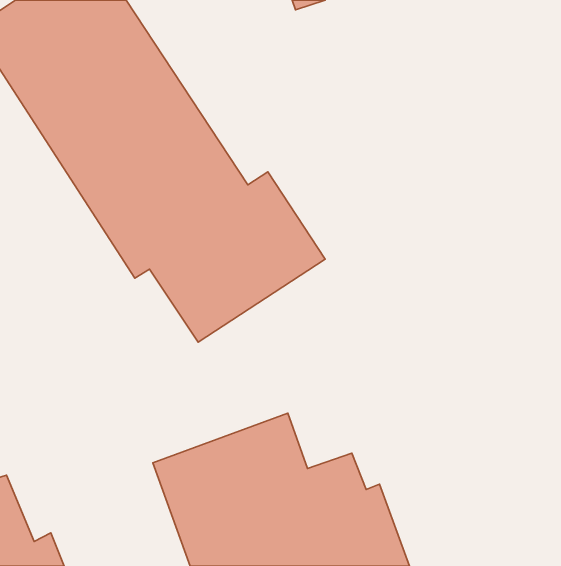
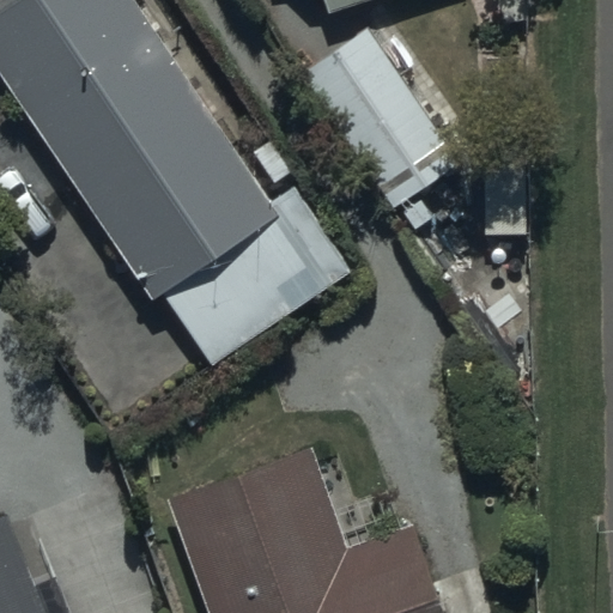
building: none -> [295,23,457,232]

